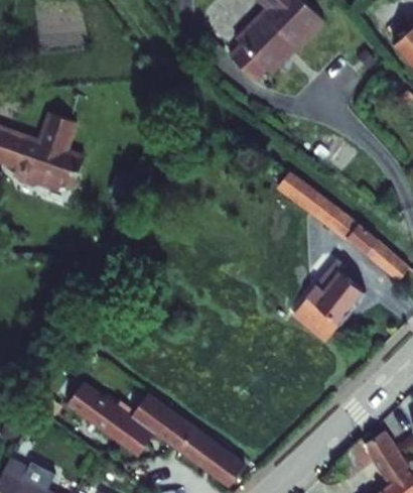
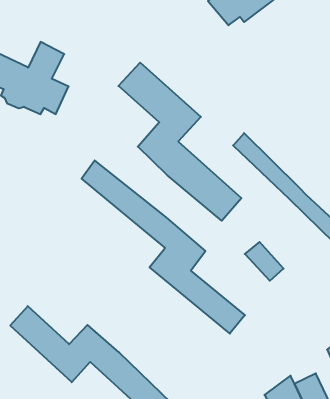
building: none -> [118,63,241,221]
building: none -> [82,160,245,334]
building: [316,253,373,315] -> none

